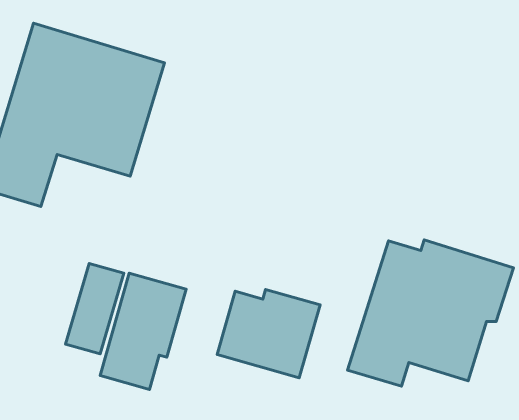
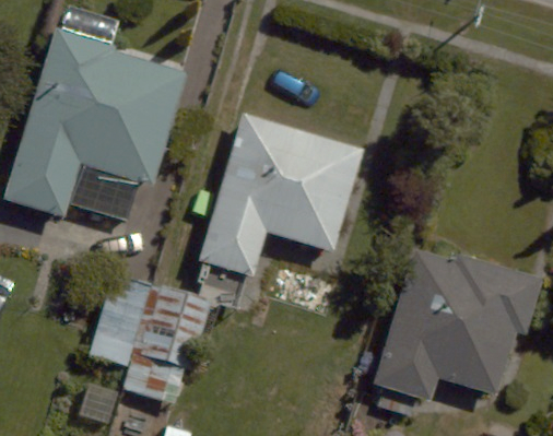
building: none -> [195,111,365,278]
building: [217,289,320,378] -> none

